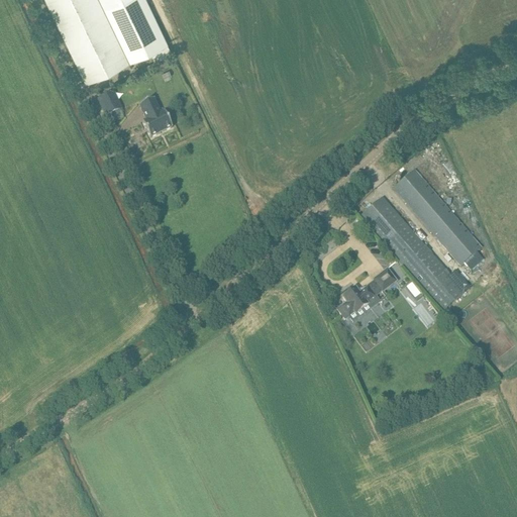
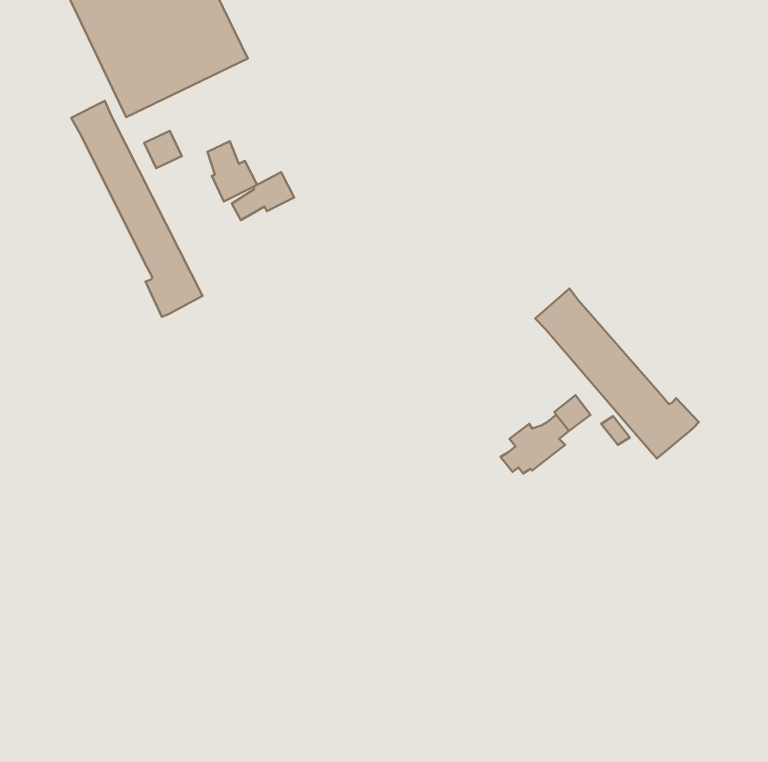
building: none -> [71,101,202,317]
building: none -> [232,172,294,220]
building: [394,168,483,268] -> none

